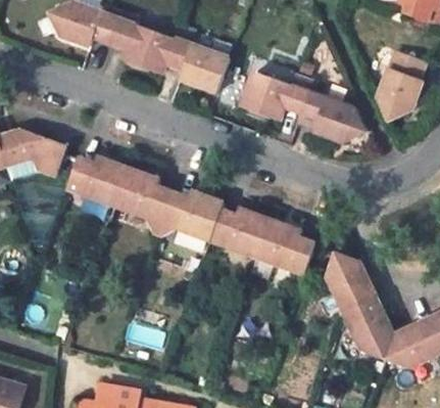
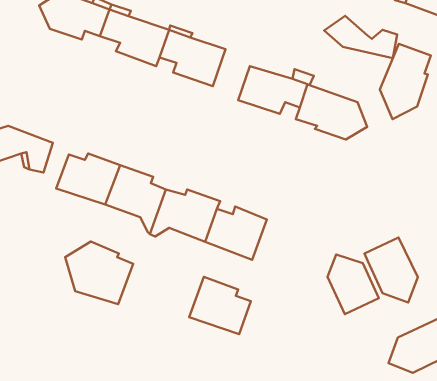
building: none -> [324,16,397,58]
building: [254,219,313,274] -> [189,277,251,334]
building: none -> [65,241,133,304]
building: [343,294,394,357] -> [365,238,418,303]

